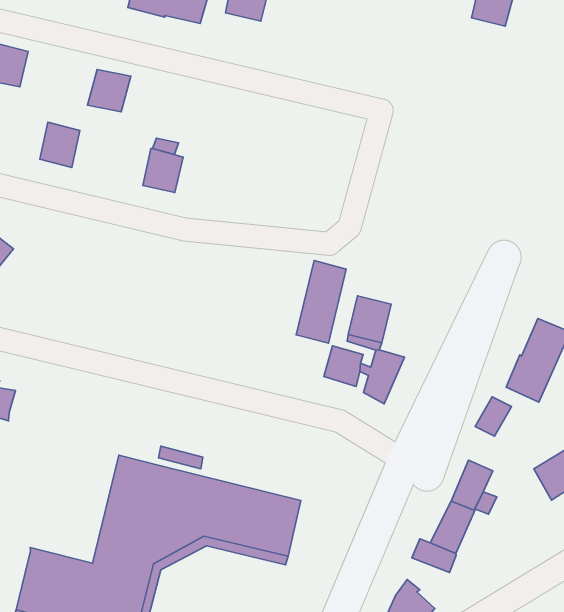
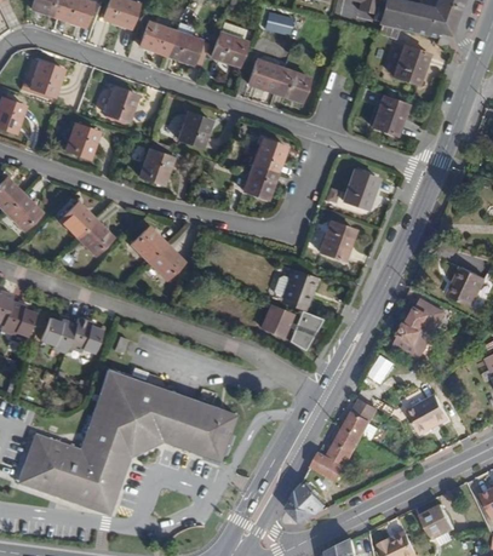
building: none -> [250,59,308,99]
building: none -> [372,96,407,134]
building: none -> [179,111,212,145]
building: none -> [344,168,379,207]
building: none -> [319,220,354,259]
building: none -> [59,202,110,254]
building: none -> [132,227,183,277]
building: [296,261,346,343] -> [245,137,286,199]
building: none -> [38,320,99,355]

